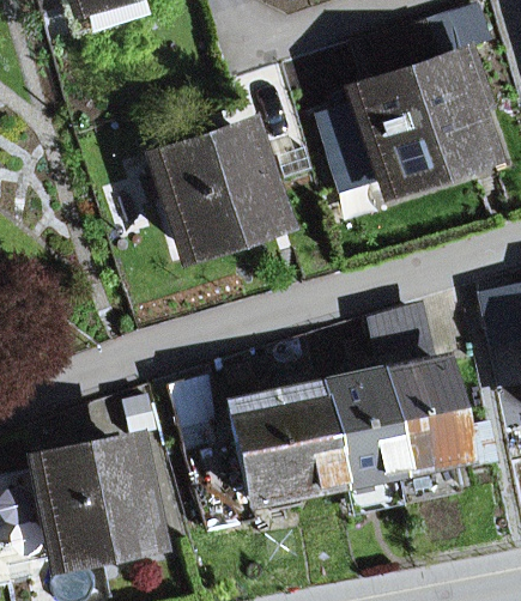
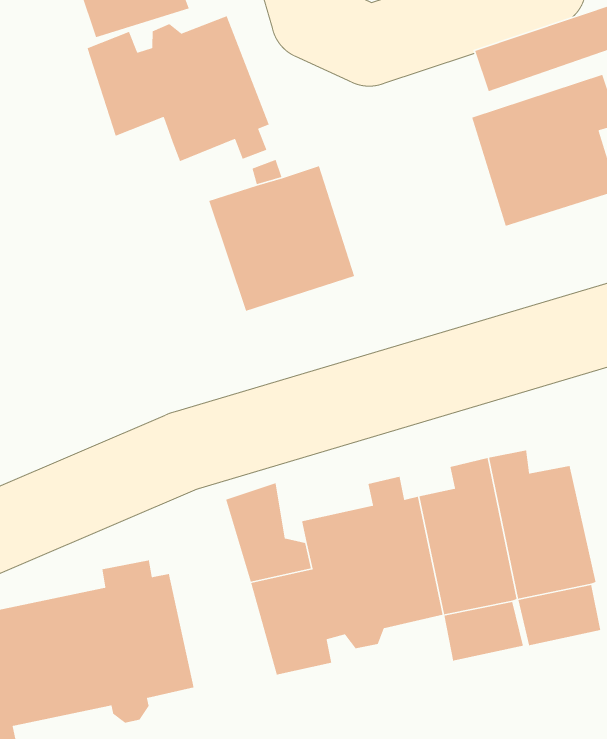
building: none -> [86,15,270,162]
building: [329,92,402,192] -> none

